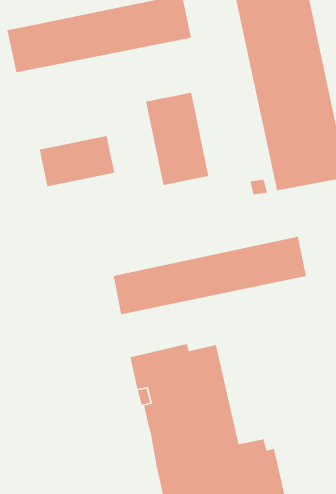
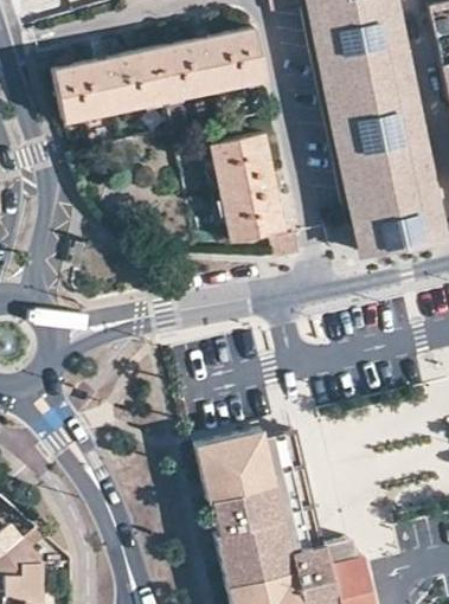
building: [39,135,115,187] -> none
building: [113,236,307,315] -> none

